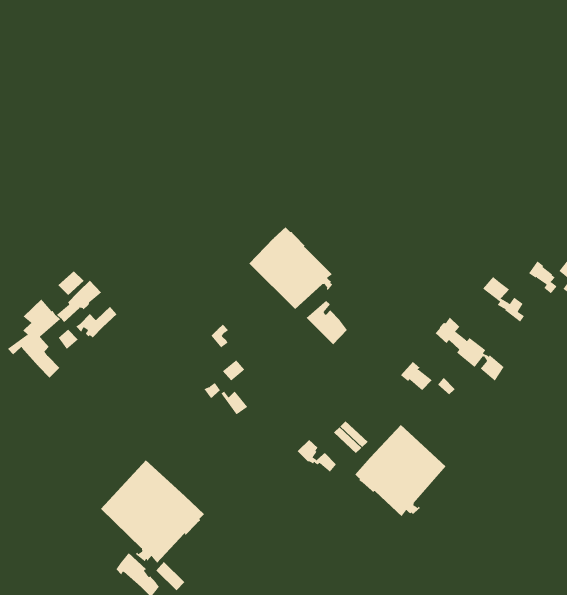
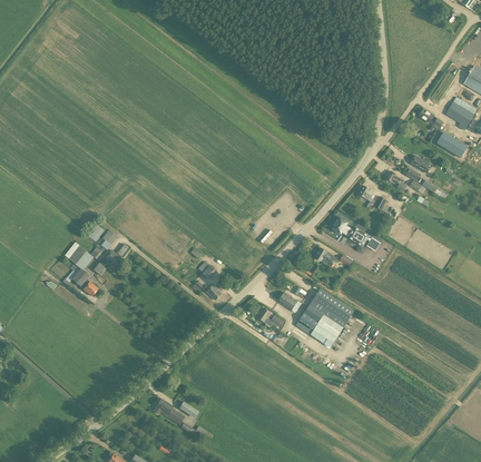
building: [249,226,333,310] -> none
building: [100,459,205,564] -> none

